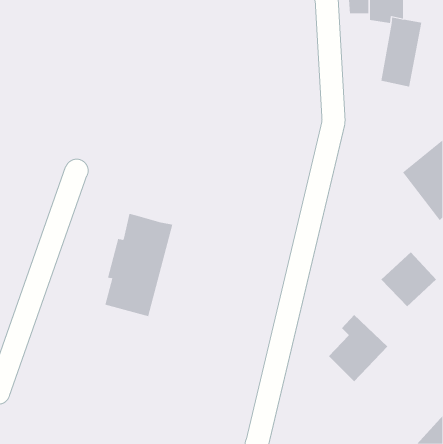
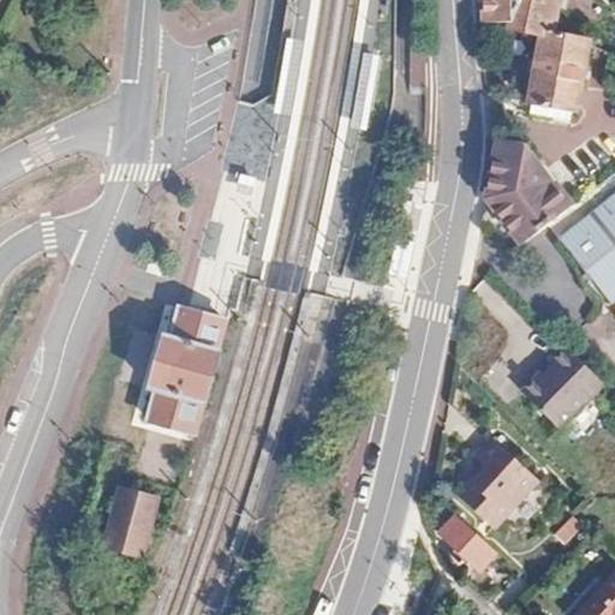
building: none -> [485,138,575,247]
building: none -> [111,494,160,561]
building: none -> [435,512,495,571]

